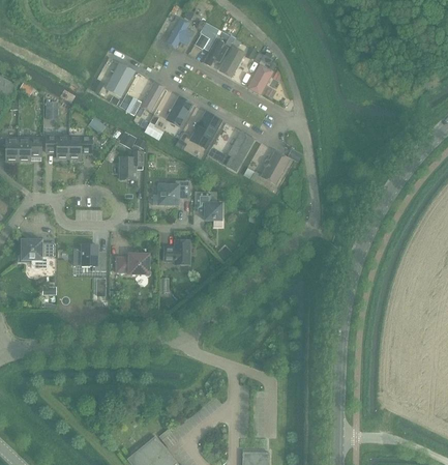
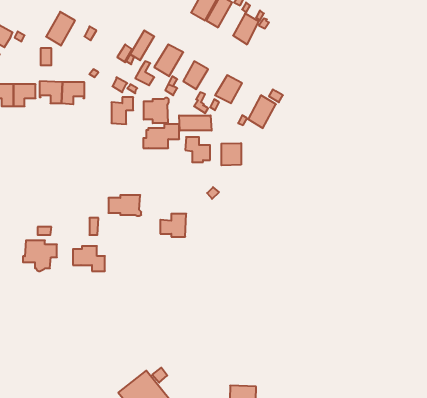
building: [103,63,133,98] -> [46,12,75,46]
building: none -> [144,98,169,123]
building: none -> [179,115,212,131]
building: none -> [221,143,241,165]
building: [19,238,54,270] -> [23,240,57,271]
building: [162,239,189,263] -> [160,214,186,237]
building: [72,244,106,270] -> [73,246,105,271]

